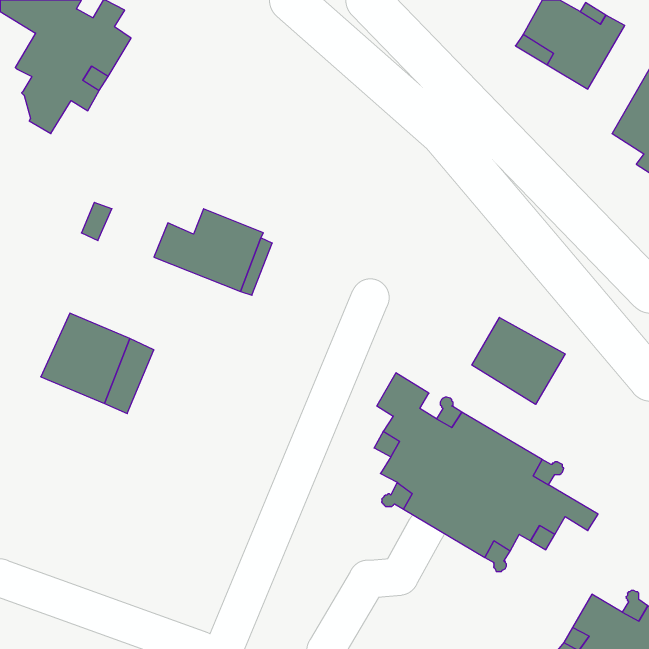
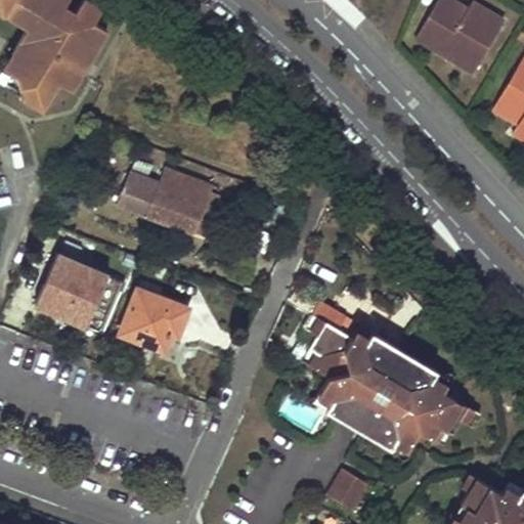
building: [472,317,565,404] -> none
building: none -> [119,289,188,352]
building: none -> [326,469,369,511]

